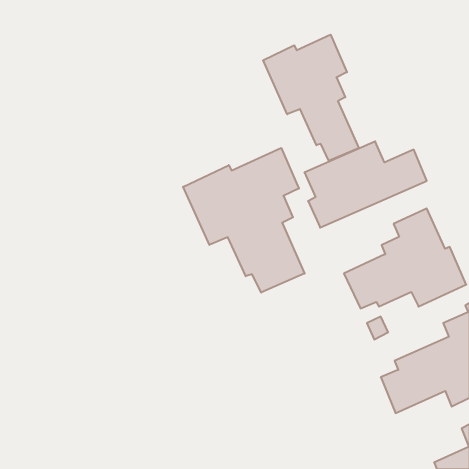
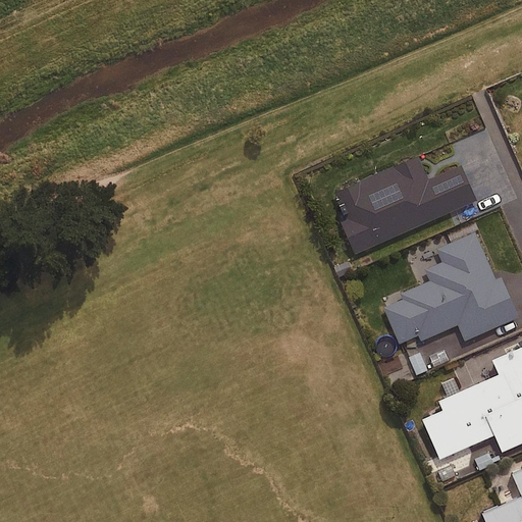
building: [263,35,359,161] -> none
building: [183,148,305,293] -> none

